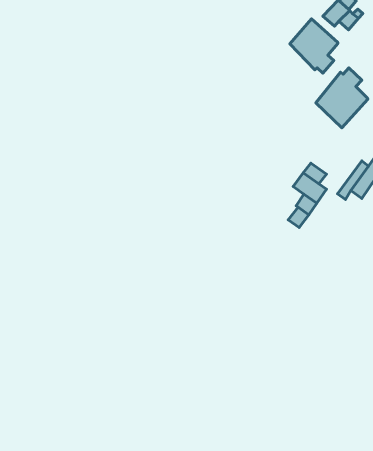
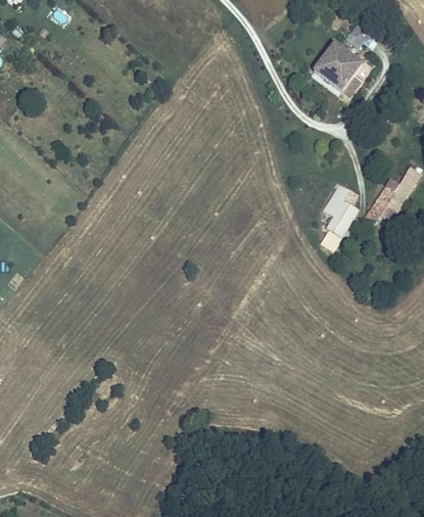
building: [316,68,368,128] -> none

